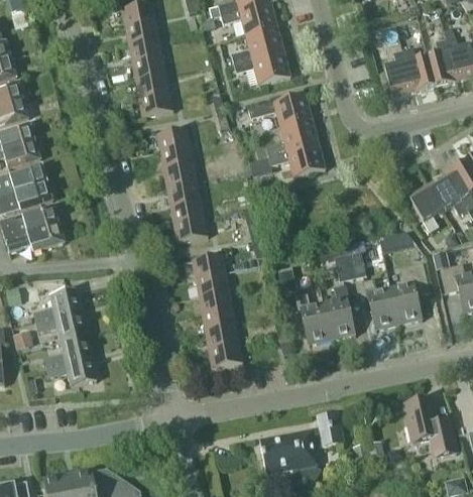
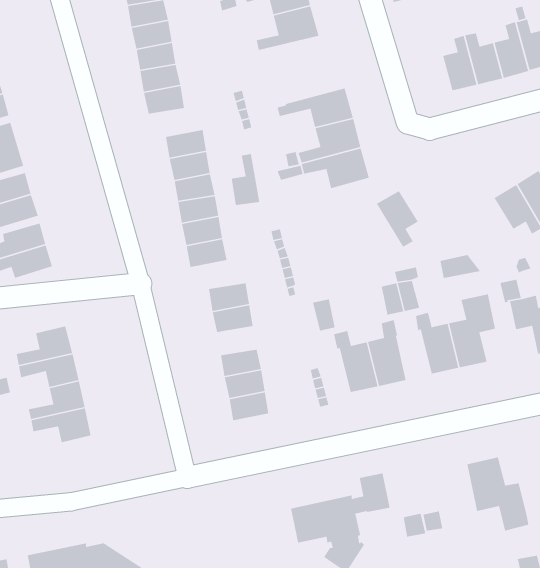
building: [233,51,289,85] -> none
building: none -> [231,153,260,206]
building: [407,184,443,232] -> [376,190,419,248]
building: [199,290,232,314] -> none

